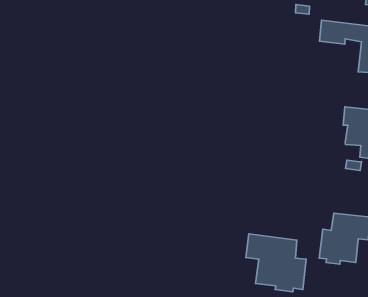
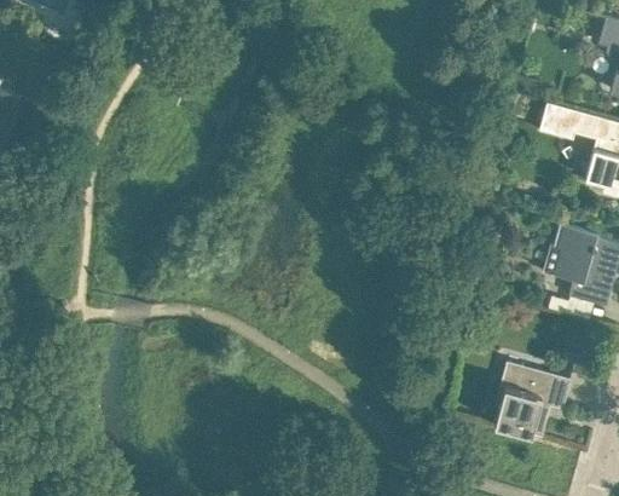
building: [246,234,306,292] -> none

